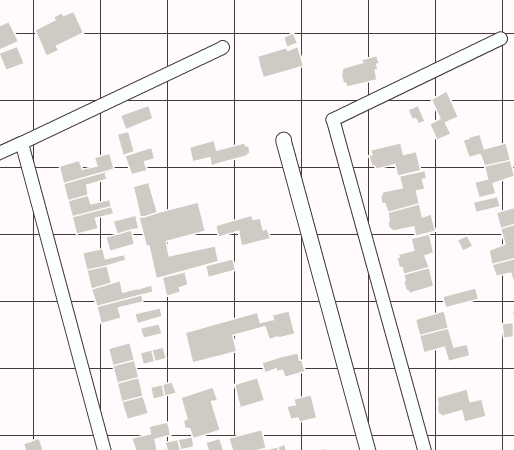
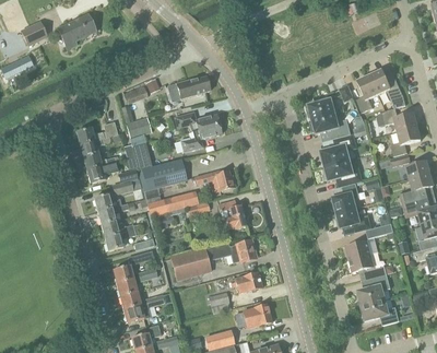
building: [257,46,304,78] -> [175,75,210,99]
building: [341,55,380,87] -> [307,95,336,119]
building: none -> [369,69,408,107]
building: none -> [180,123,223,152]
building: none -> [217,199,246,228]
building: none -> [356,274,390,306]
building: [181,387,220,439] -> none

